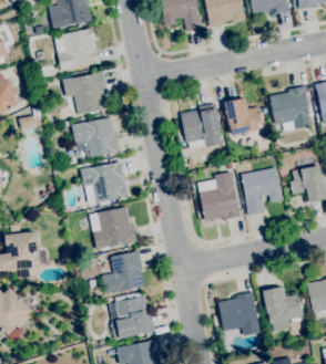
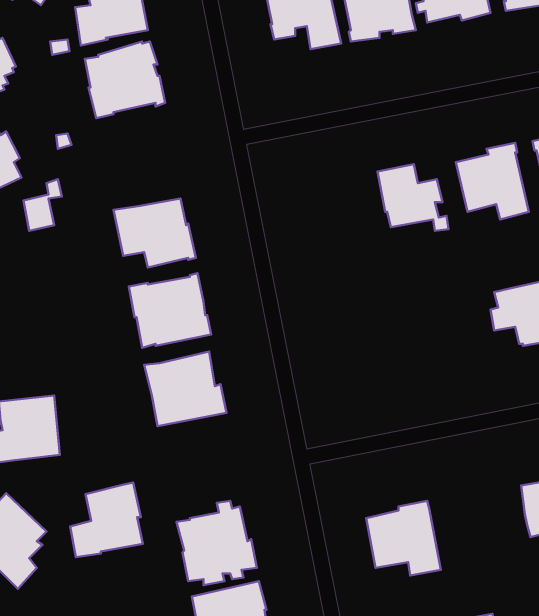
building: [62,72,106,114] -> none
building: [180,103,223,149] -> none
building: [241,167,283,215] -> none
building: [197,171,241,220] -> none
building: [102,250,144,293] -> [70,483,143,557]
building: [262,287,302,332] -> none

